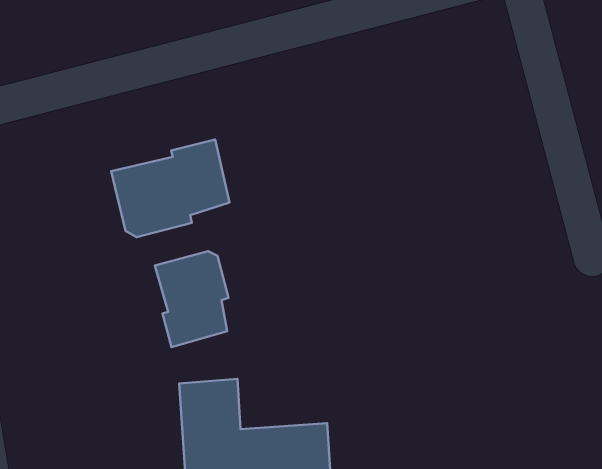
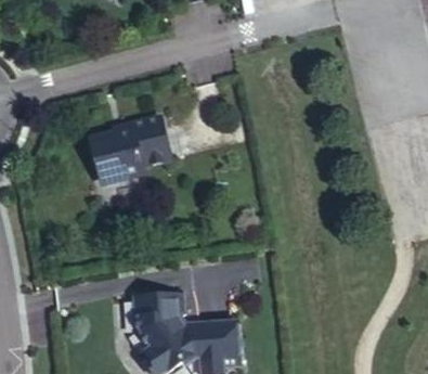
building: [155,251,228,347] -> none

